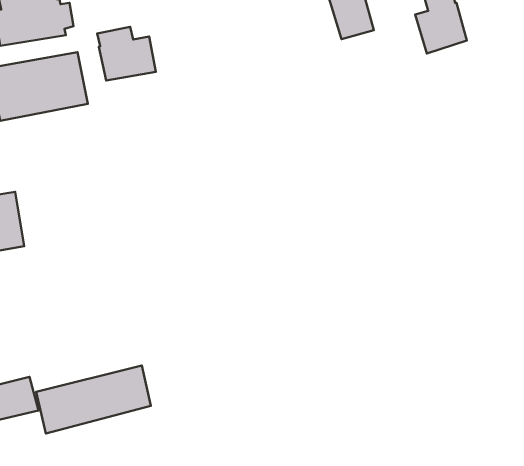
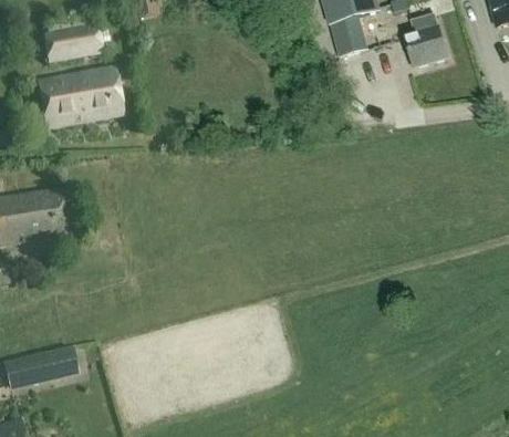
building: [97,27,156,80] -> none
building: [36,365,151,434] -> none

